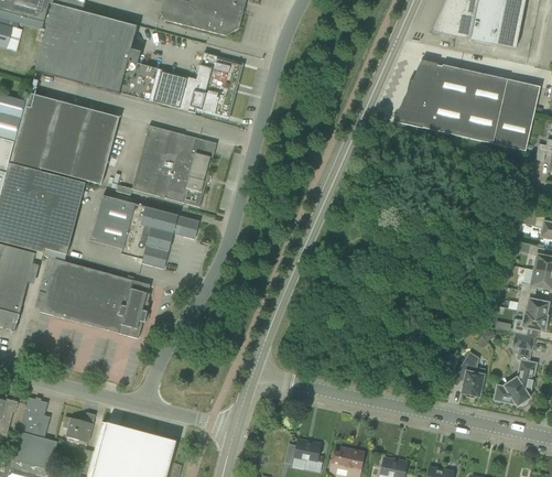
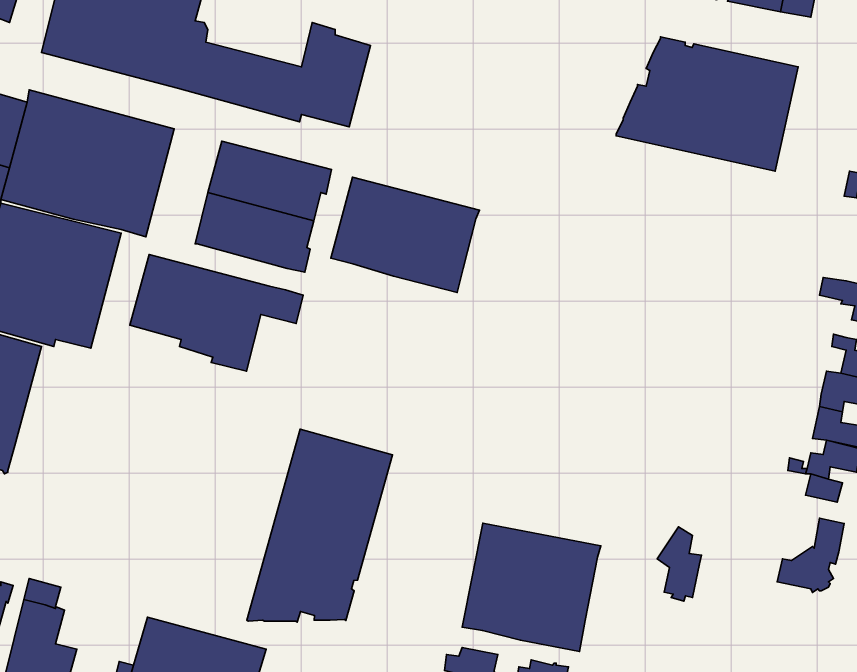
building: [493,78,539,150] -> none
building: none -> [331,177,479,293]
building: [39,248,150,338] -> none
building: none -> [247,429,392,622]
building: [456,351,484,398] -> [657,527,701,601]
building: none -> [462,523,601,651]
building: [63,412,95,444] -> none

